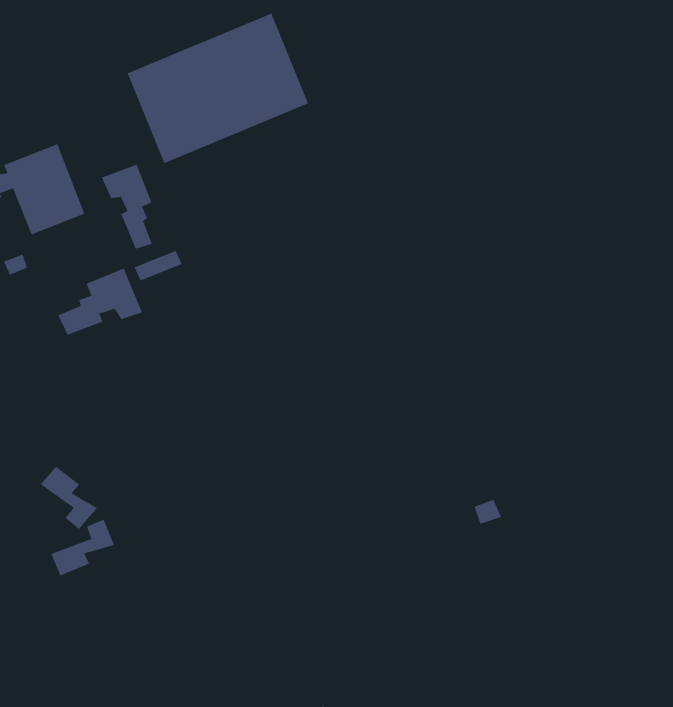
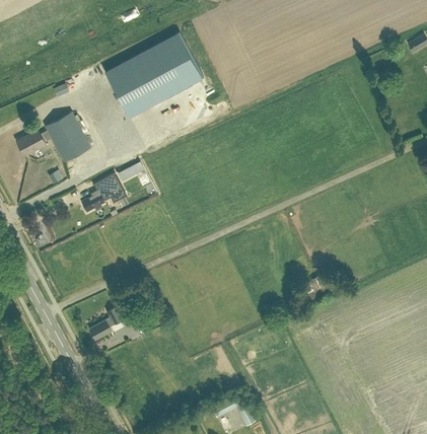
building: [101,164,152,250] -> none
building: [40,466,98,530] -> none

